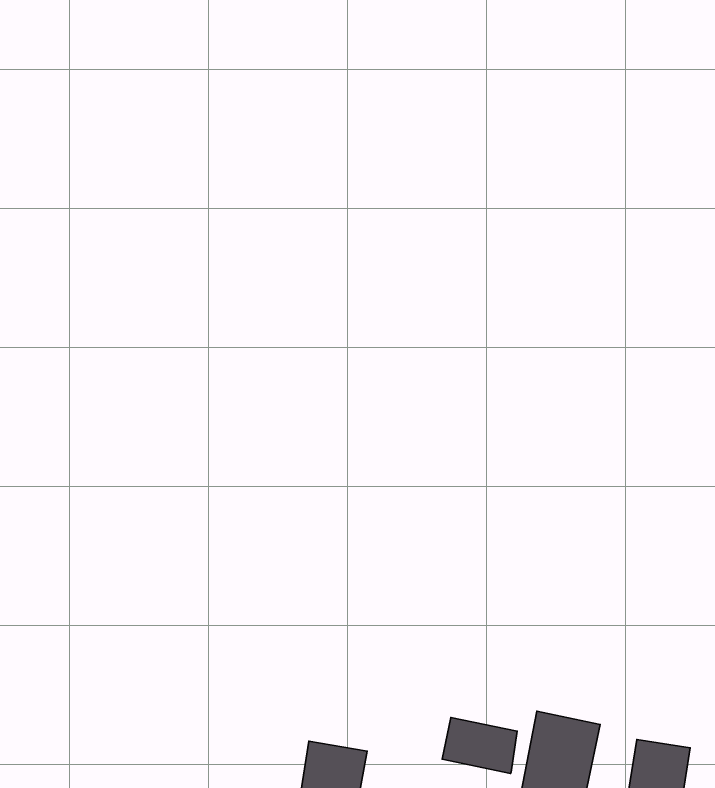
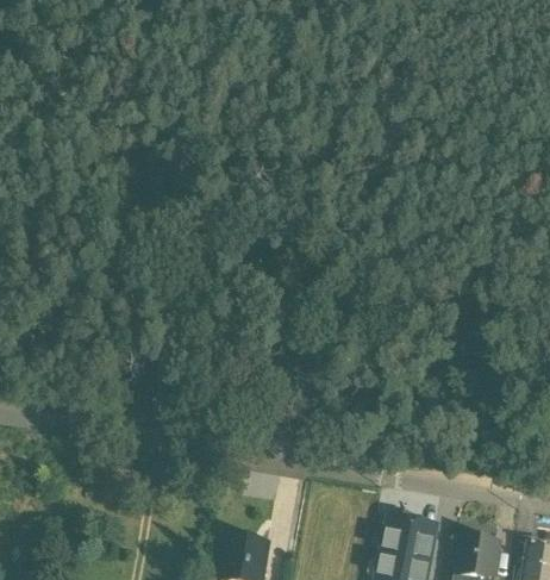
building: [442,717,517,774] -> none

